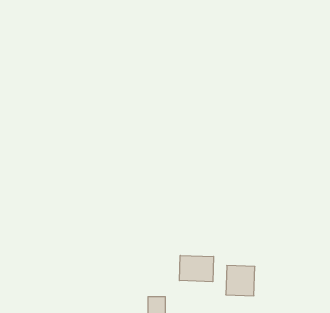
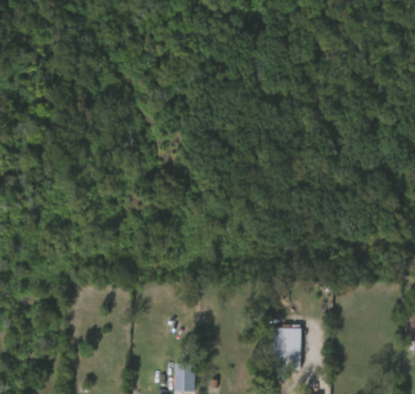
building: [179,255,214,282] -> none

